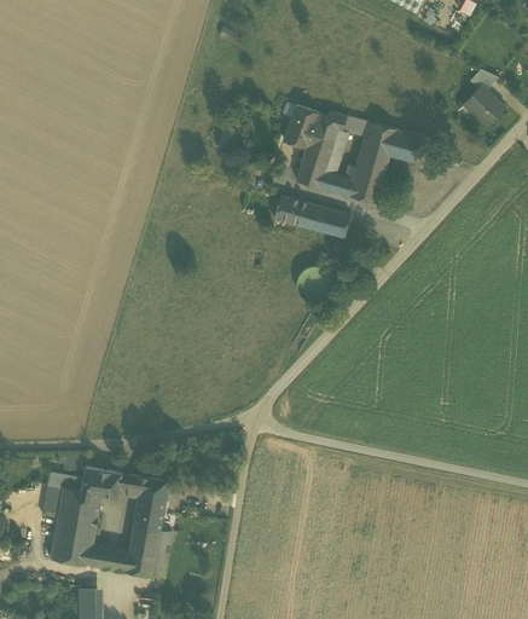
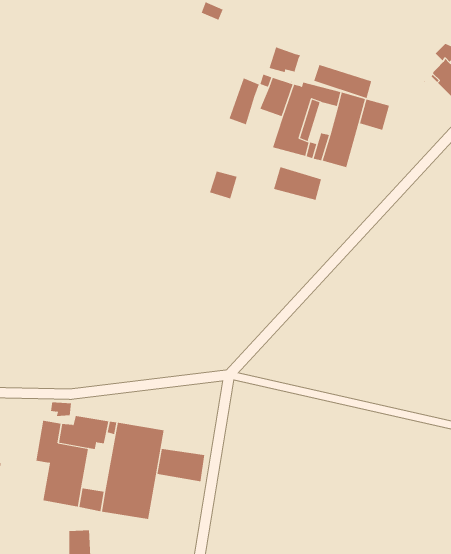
building: none -> [269,46,301,83]
building: none -> [313,64,372,99]
building: none -> [229,77,260,125]
building: [273,195,303,225] -> [209,171,238,199]
building: none -> [157,448,205,482]

